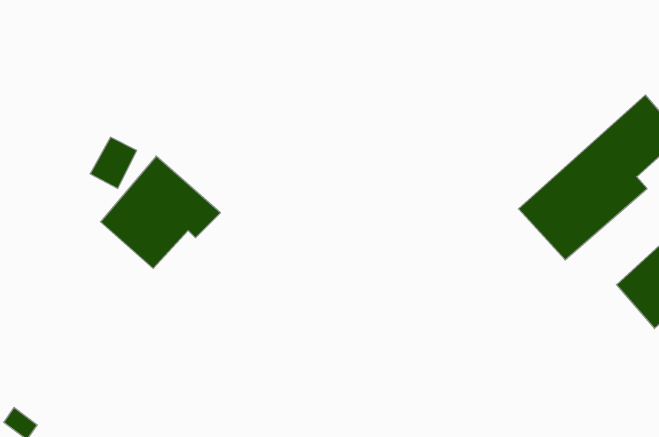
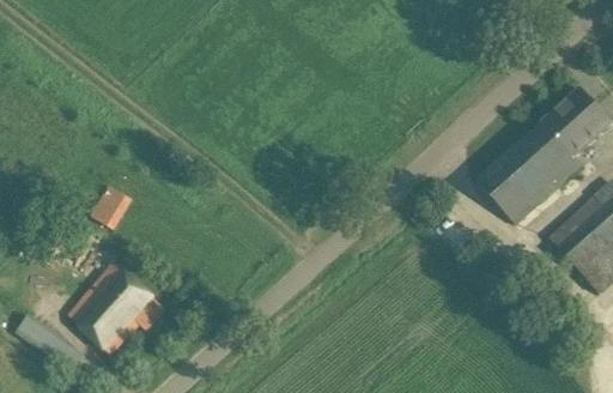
building: [90,137,137,188] -> [92,185,131,226]
building: [100,156,220,268] -> [67,260,165,352]

